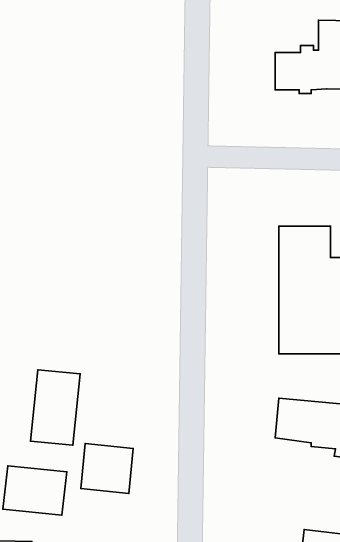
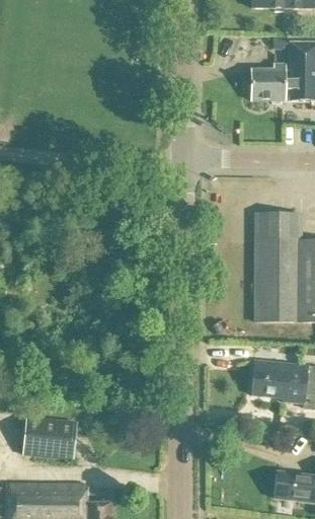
building: [30,370,80,445] -> none
building: [81,444,133,493] -> none

